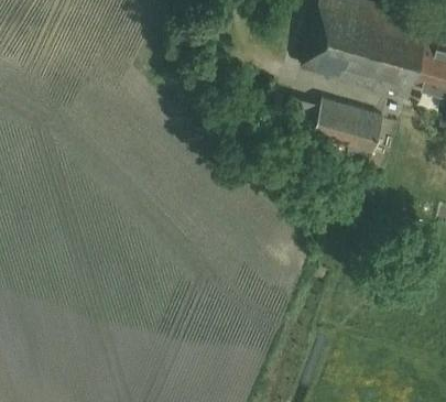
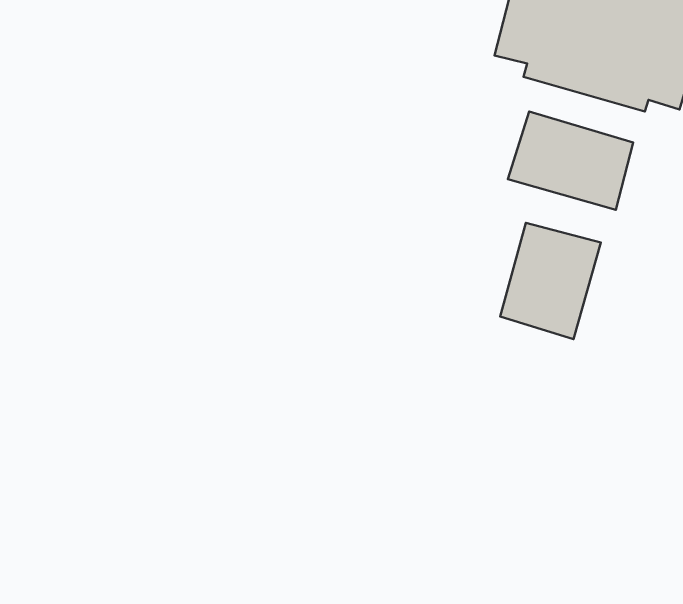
building: none -> [500,223,601,339]

